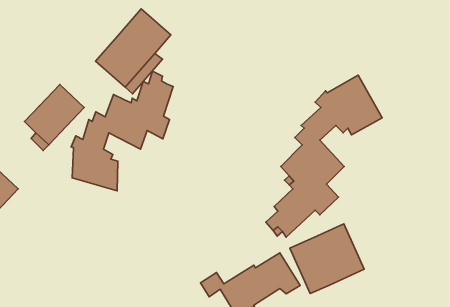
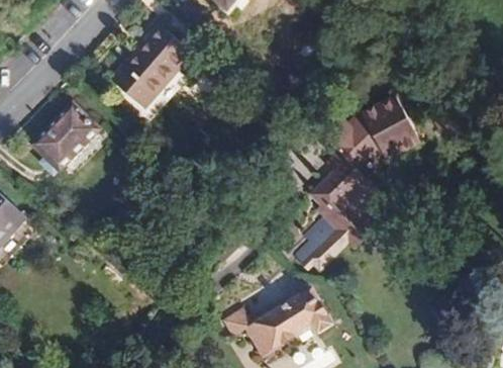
building: [71,71,173,191] -> none
building: [290,224,364,293] -> none

